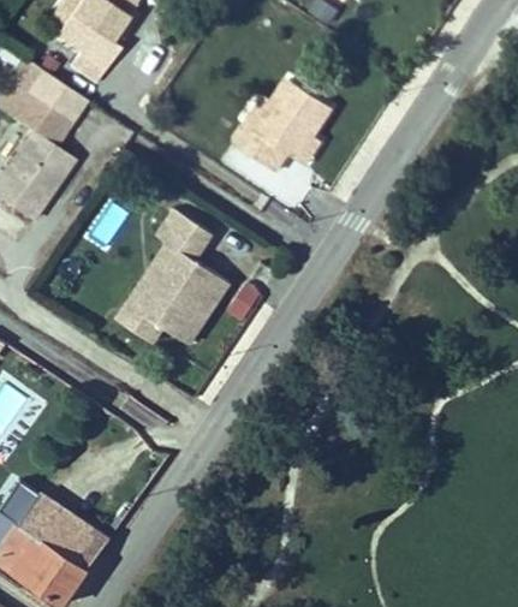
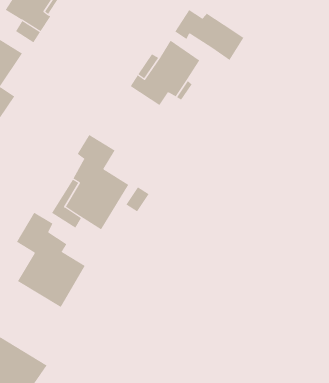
building: none -> [174,9,244,61]
building: none -> [16,212,86,308]

